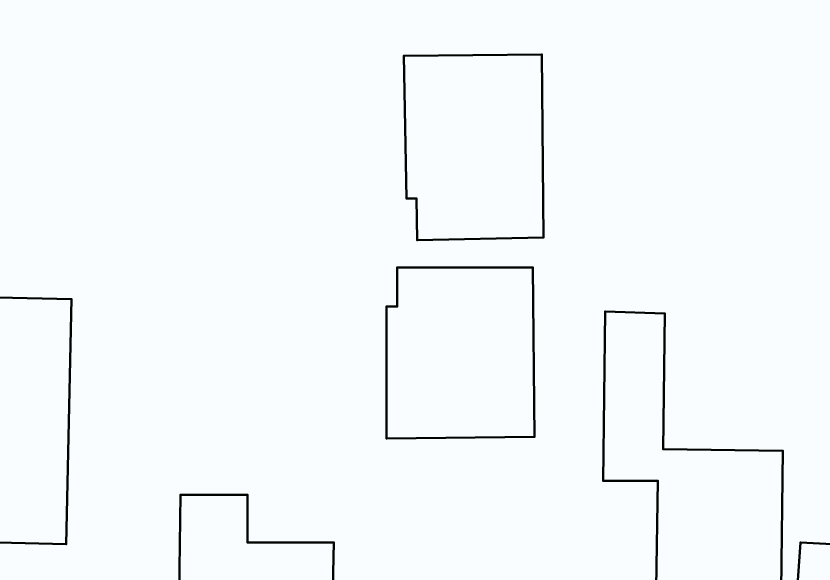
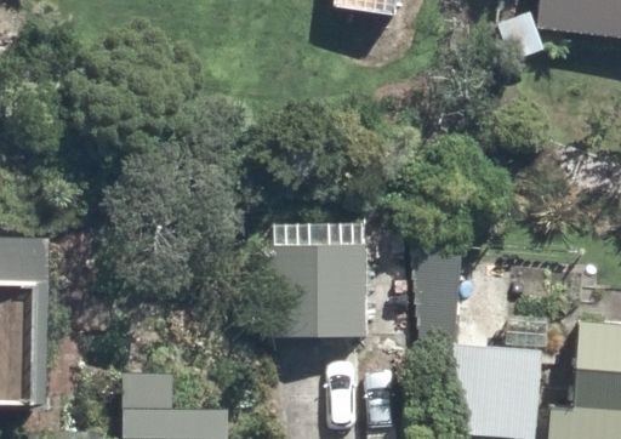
building: [404,55,544,240] -> none

